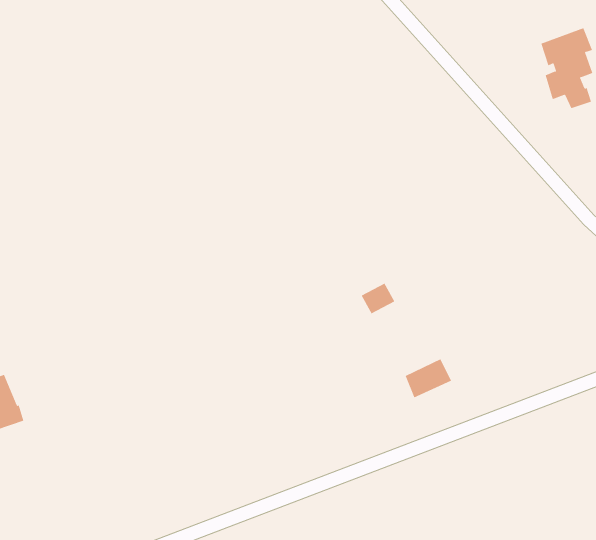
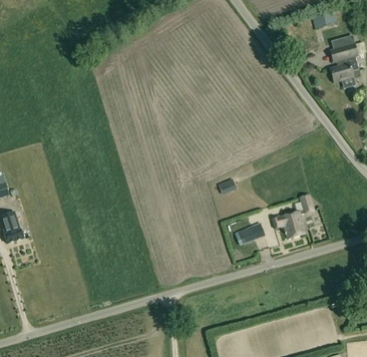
building: none -> [272,194,316,239]

